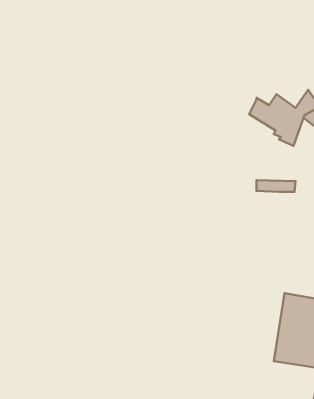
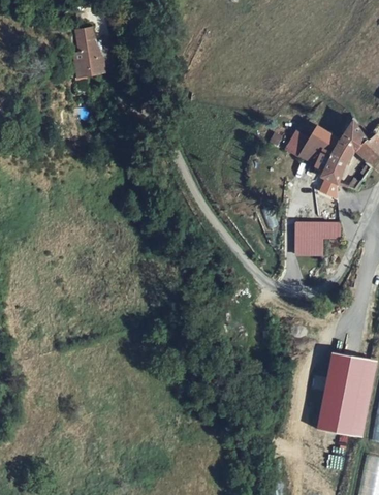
building: none -> [70,28,106,81]
building: none -> [296,235,323,253]

